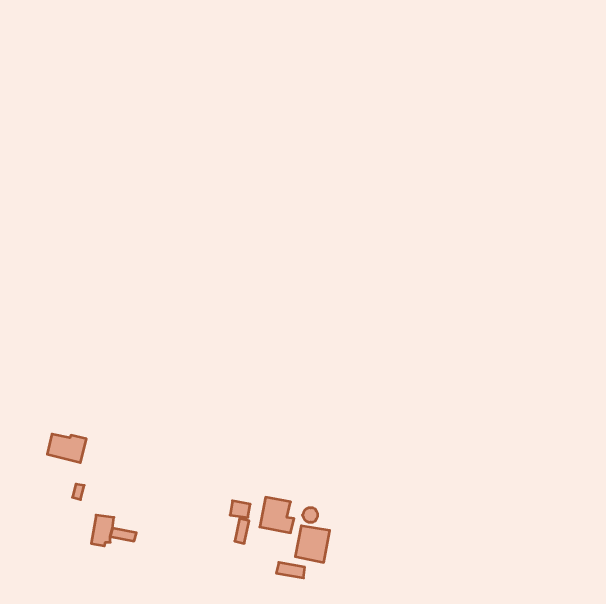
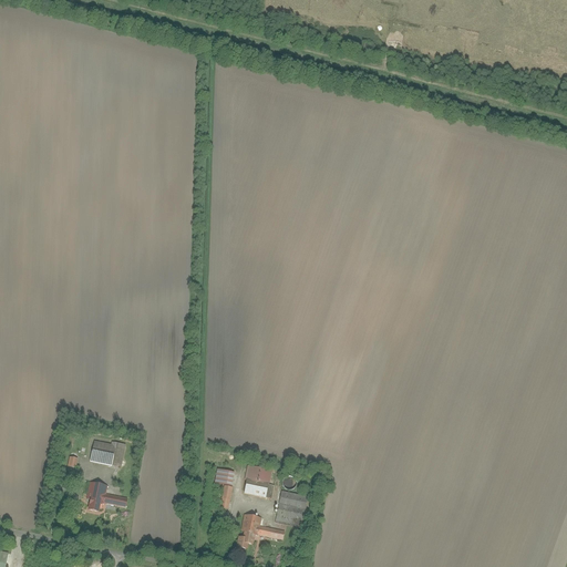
building: [47,434,86,463] -> [90,439,126,465]
building: none -> [237,513,262,547]

